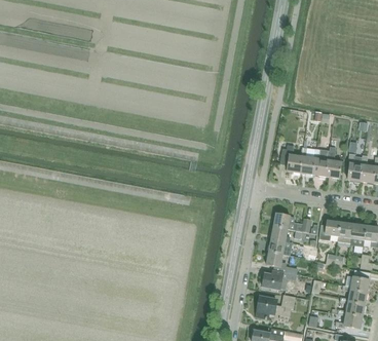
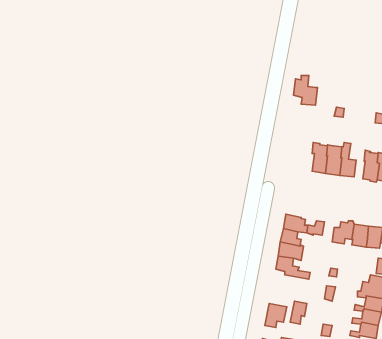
building: [279,146,302,174] -> [293,75,318,105]
building: [261,270,297,291] -> none

